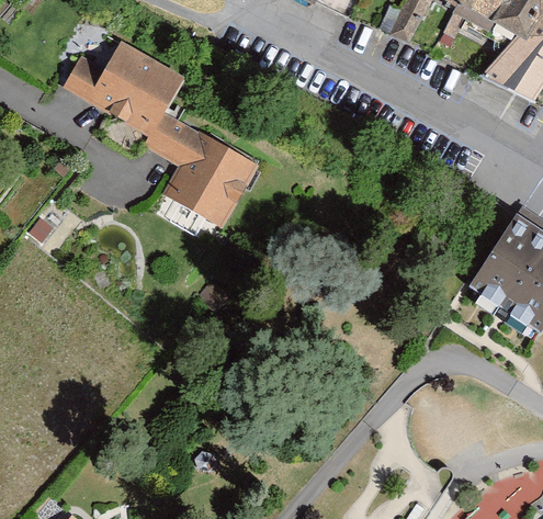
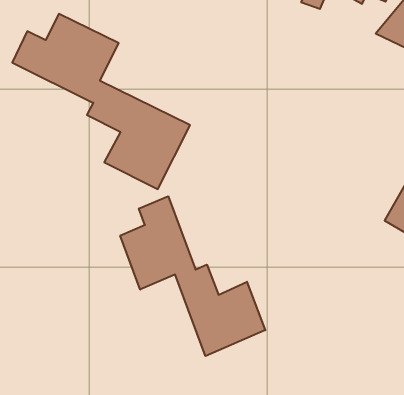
building: none -> [120,196,265,356]

